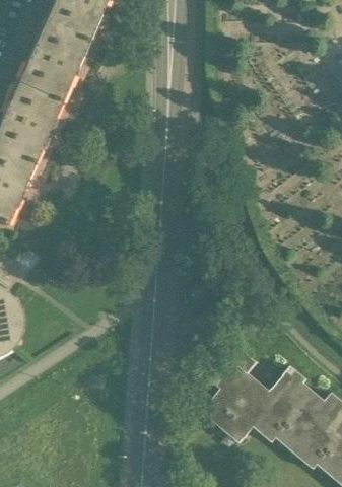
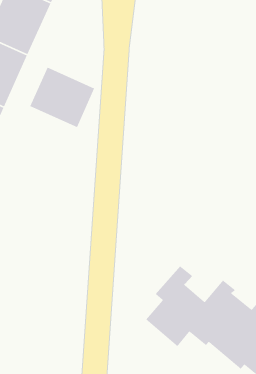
building: none -> [29,67,95,128]

